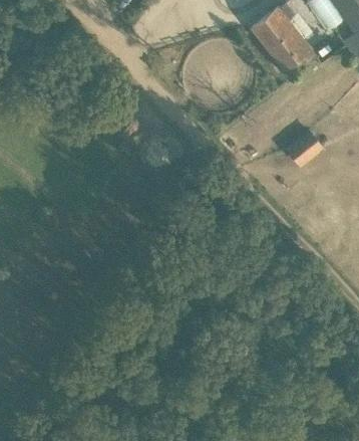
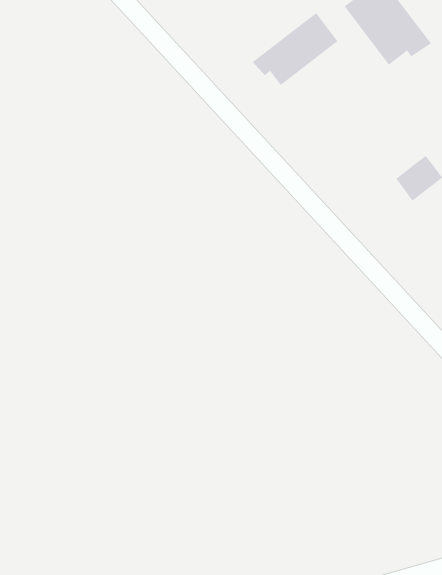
building: none -> [252,12,338,86]

